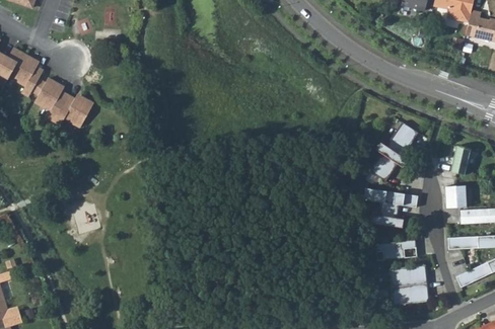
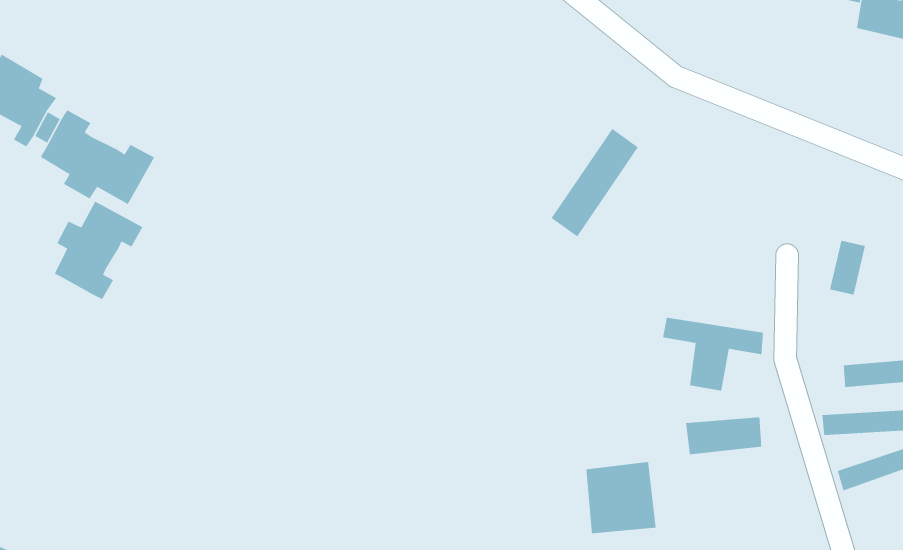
building: [371,122,418,180] -> [551,128,639,237]
building: none -> [54,201,144,300]
building: [444,186,466,210] -> none
building: [391,265,428,304] -> [586,461,657,534]

